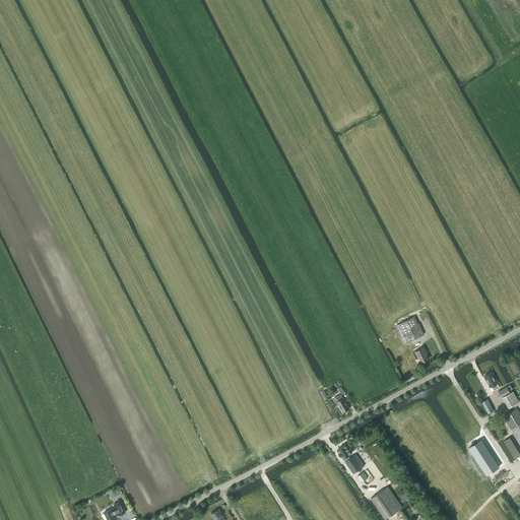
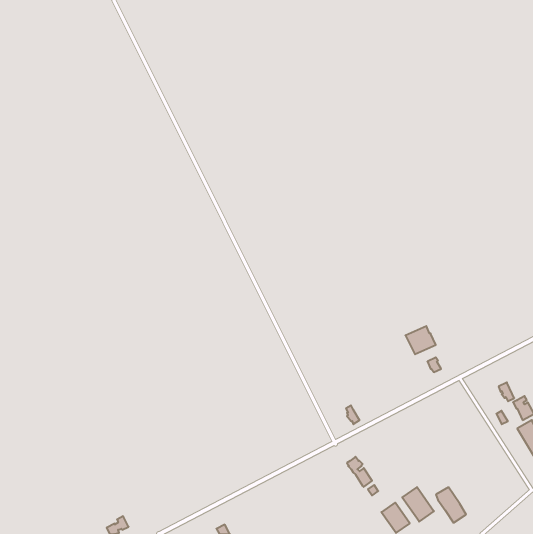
building: [470,440,500,474] -> [436,487,466,523]
building: none -> [402,487,434,522]

